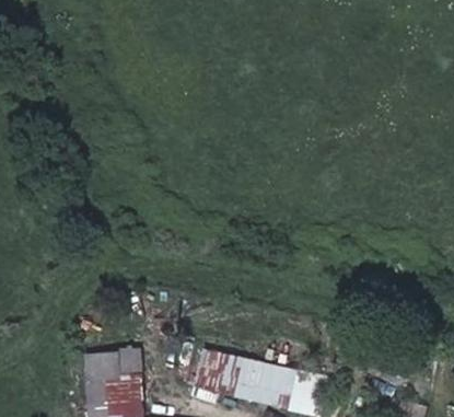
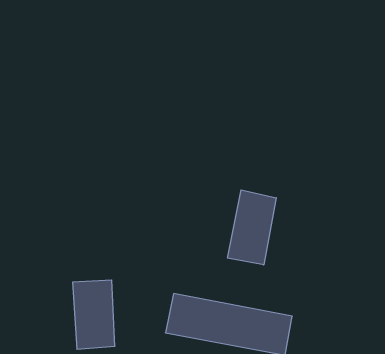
building: none -> [228,190,276,265]

